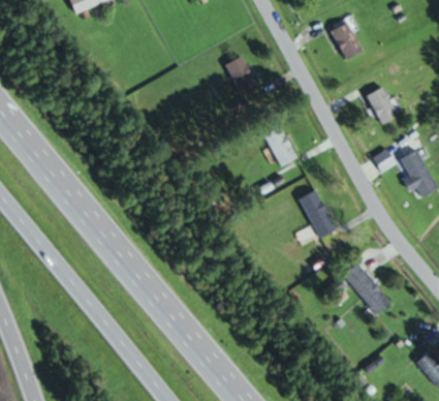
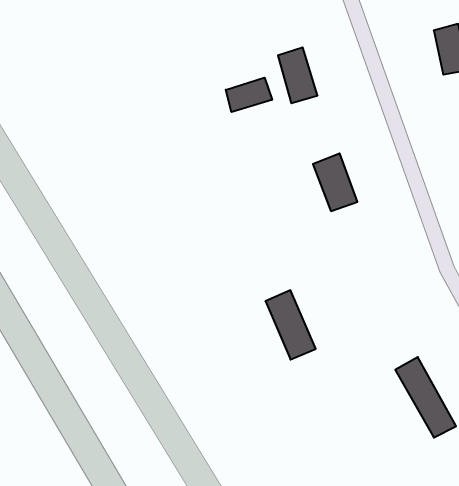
building: none -> [226,78,272,112]
building: [297,189,338,238] -> [265,290,316,360]

